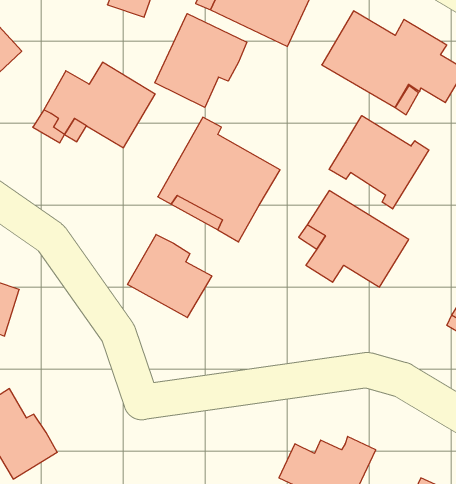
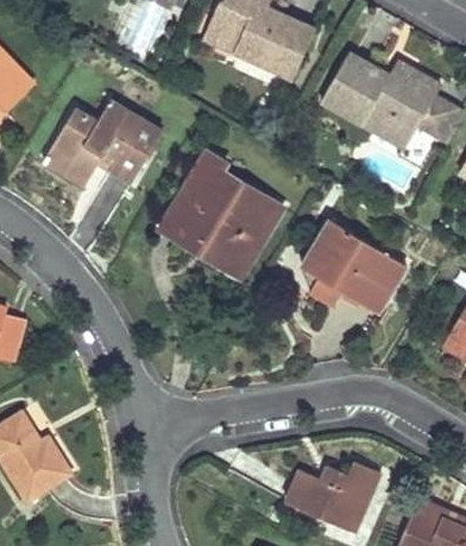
building: [155,14,247,107] -> none
building: [329,116,429,209] -> none
building: [128,234,212,318] -> none

